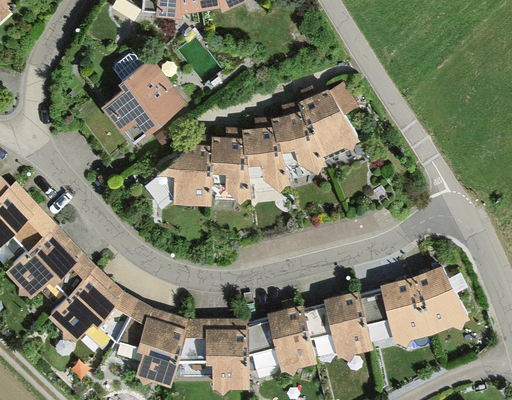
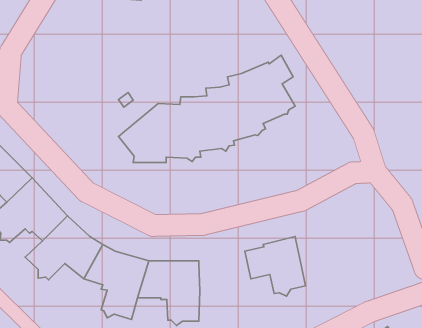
building: [102,50,184,139] -> none
building: [360,269,468,348] -> none
building: [248,307,314,376] -> none

